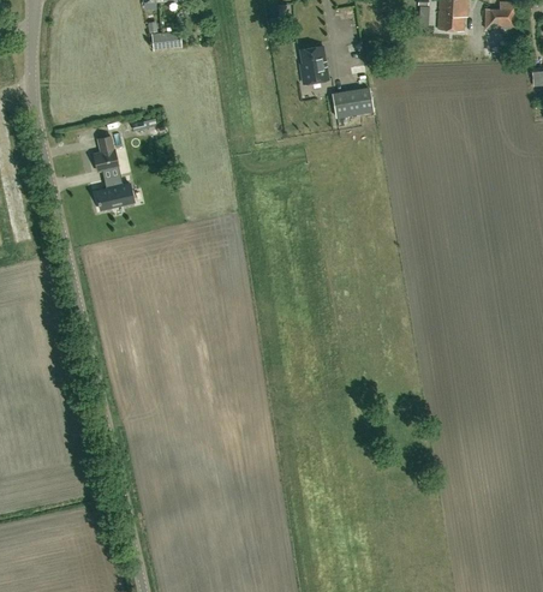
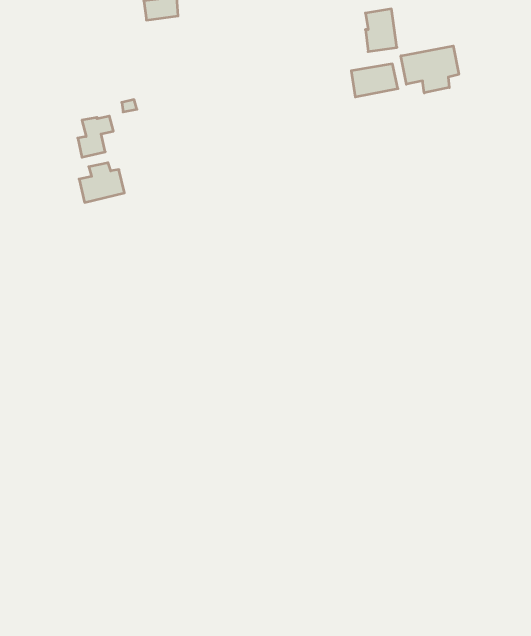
building: [300,46,328,83] -> [365,9,397,52]
building: none -> [401,46,459,93]

